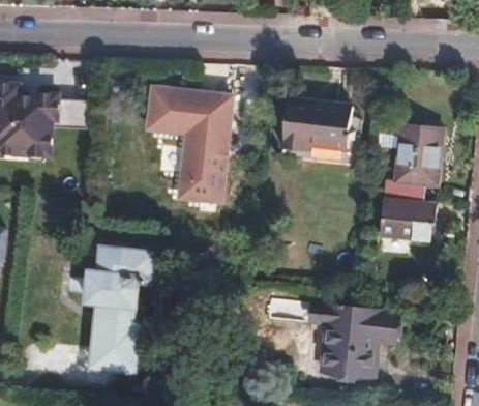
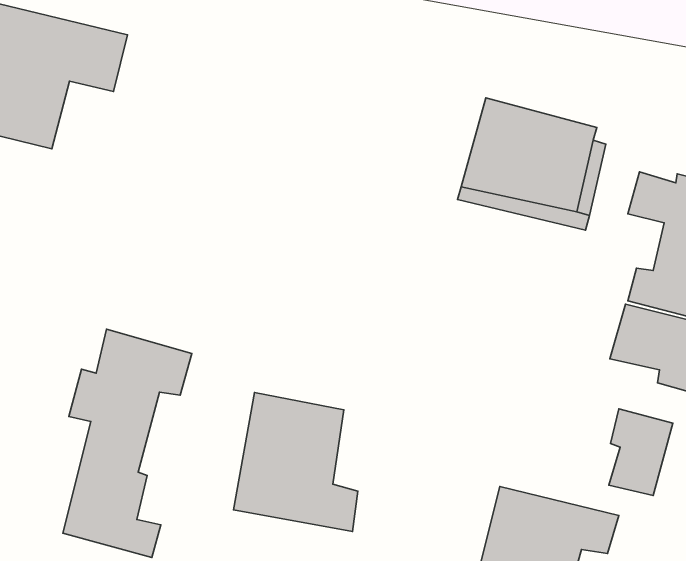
building: [149,89,230,199] -> none
building: none -> [609,409,673,496]
building: none -> [234,393,358,531]

